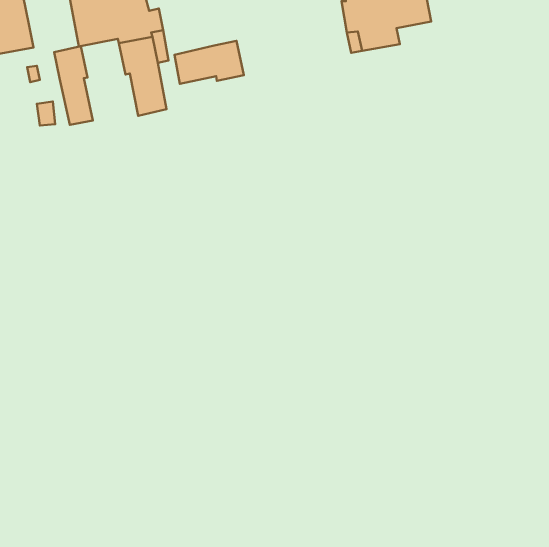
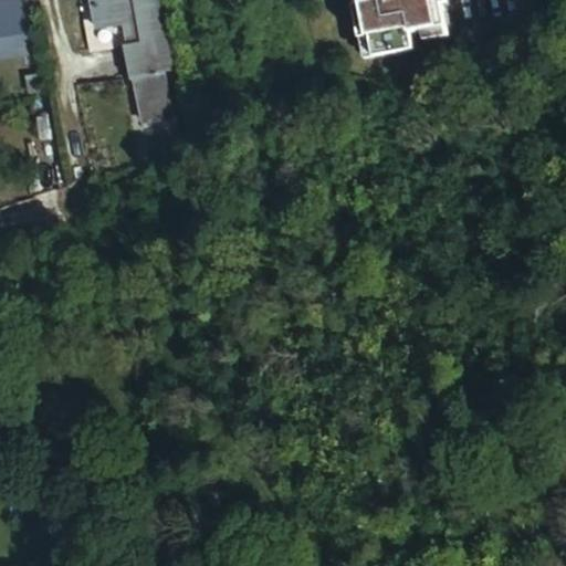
building: [174,41,244,84] -> none
building: [54,46,93,125] -> none

